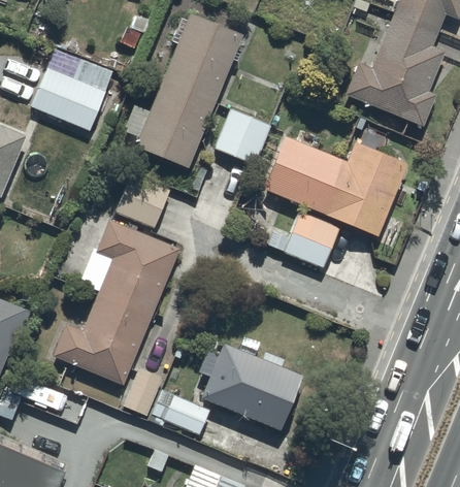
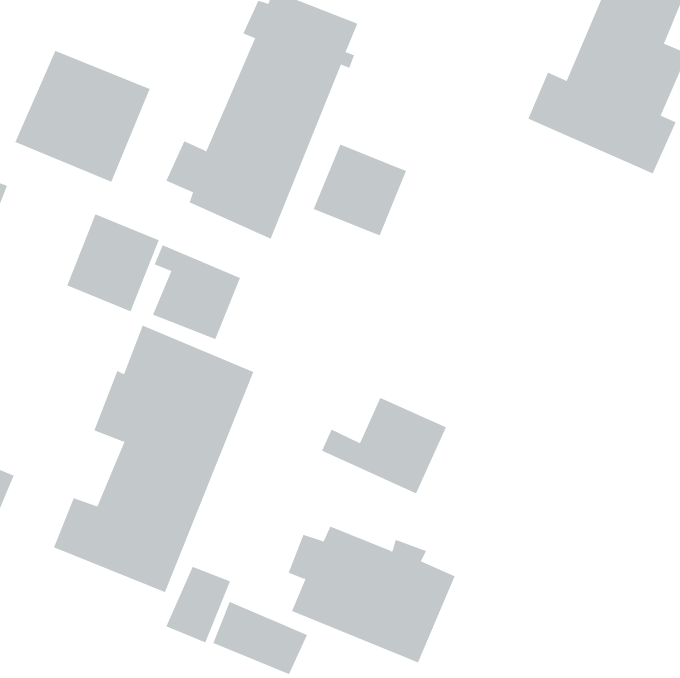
building: [262,134,409,236] -> none
building: none -> [66,214,160,312]
building: [264,210,341,270] -> [321,397,447,494]

